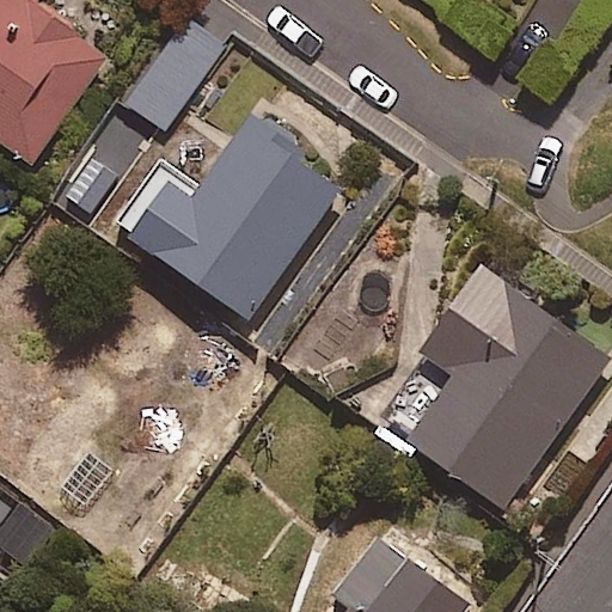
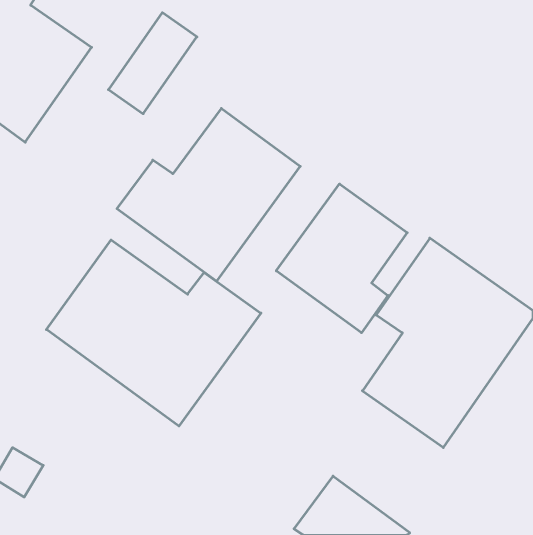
building: none -> [276,184,407,333]
building: none -> [46,240,261,426]

